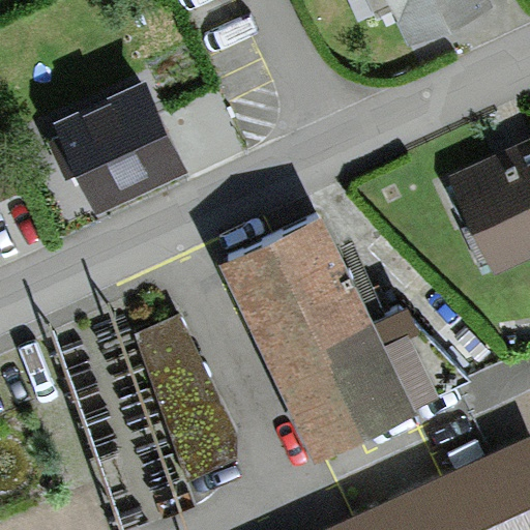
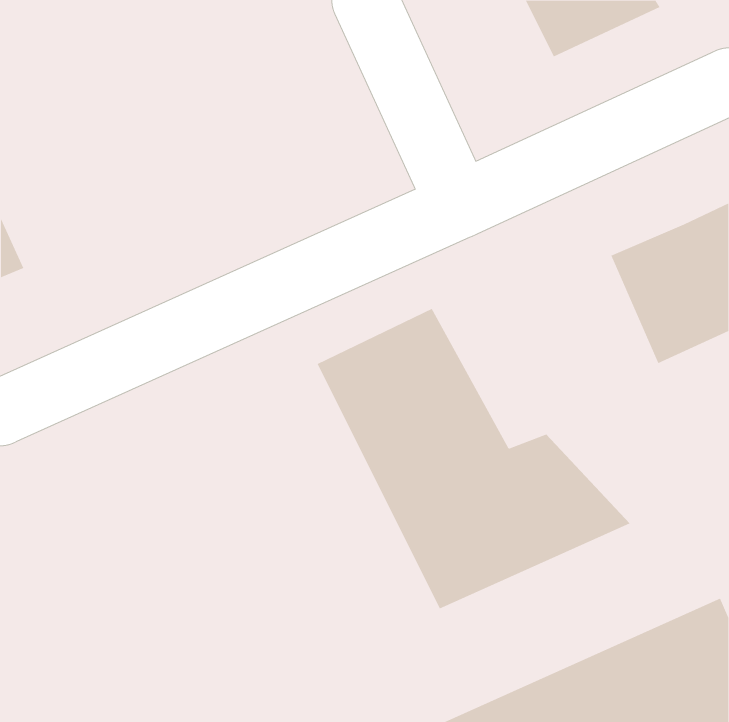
building: [49,86,188,222] -> none
building: [137,311,239,478] -> none

